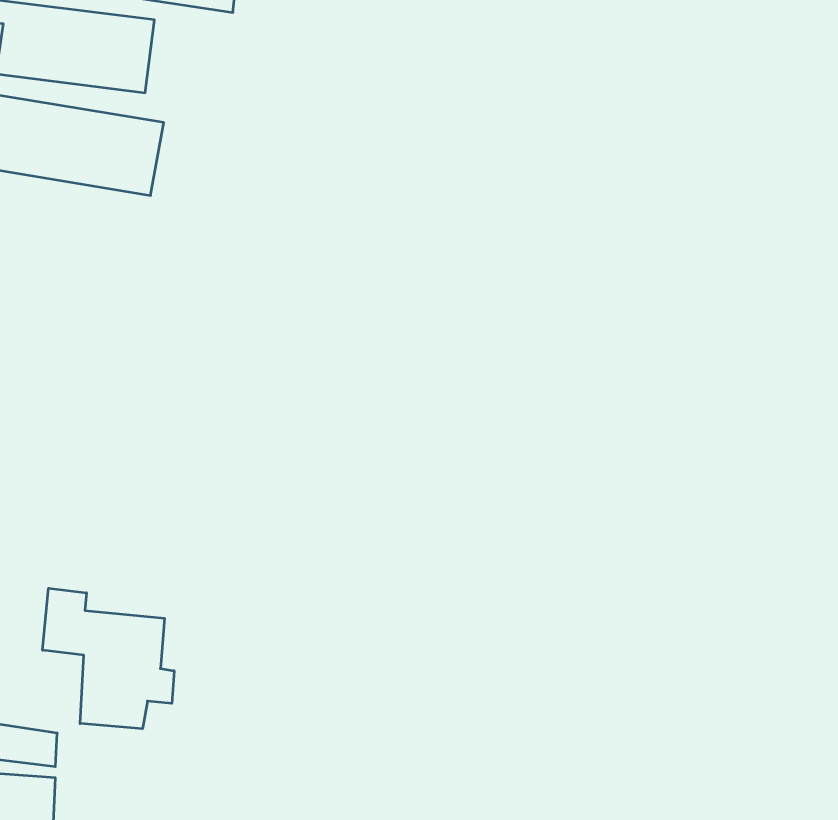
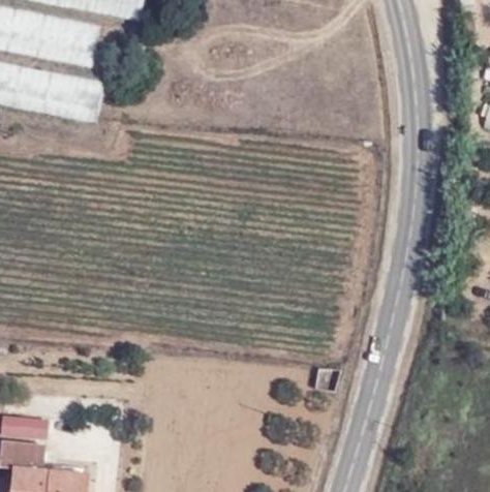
building: [43,588,174,729] -> none

